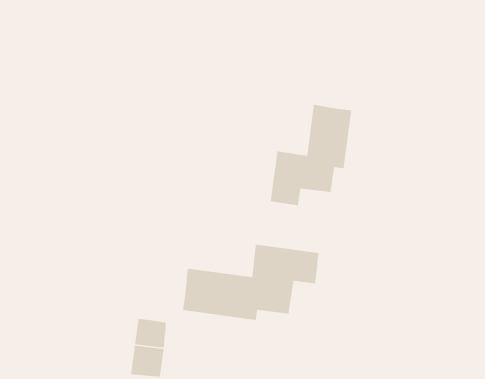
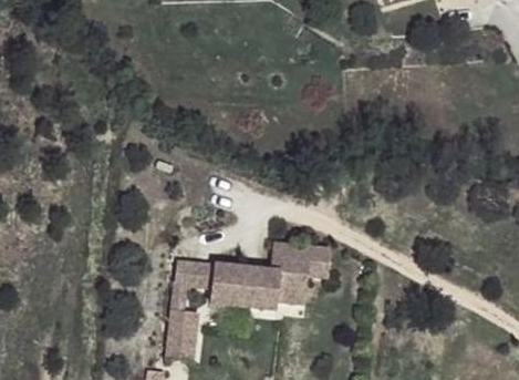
building: [270,104,352,206] -> none
building: none -> [169,257,212,307]

